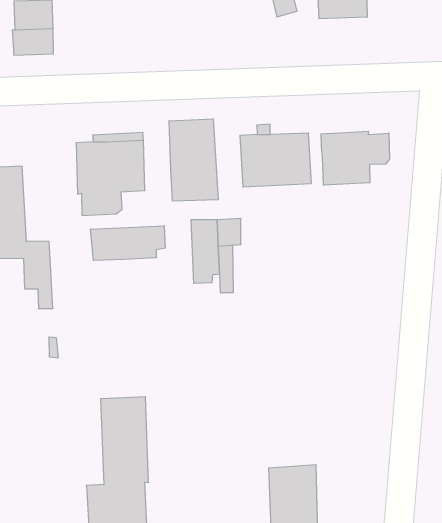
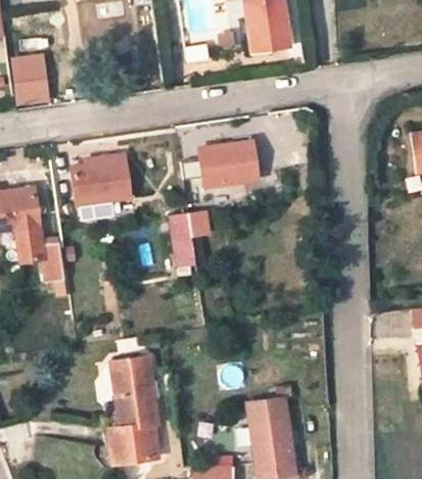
building: [169,119,218,201] -> none
building: [321,131,389,185] -> none
building: [91,226,165,261] -> none

